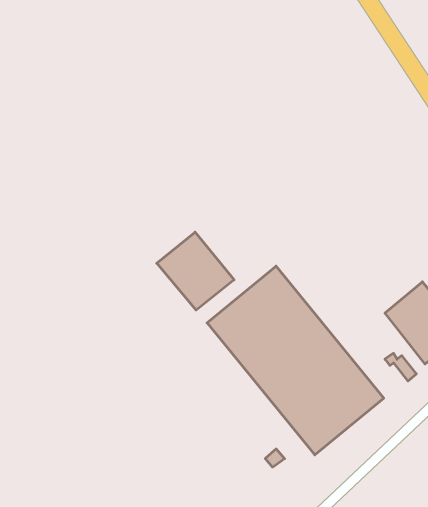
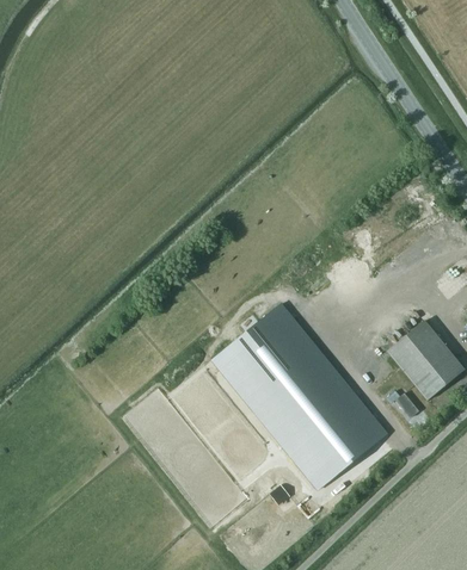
building: [157,232,234,310] -> none

